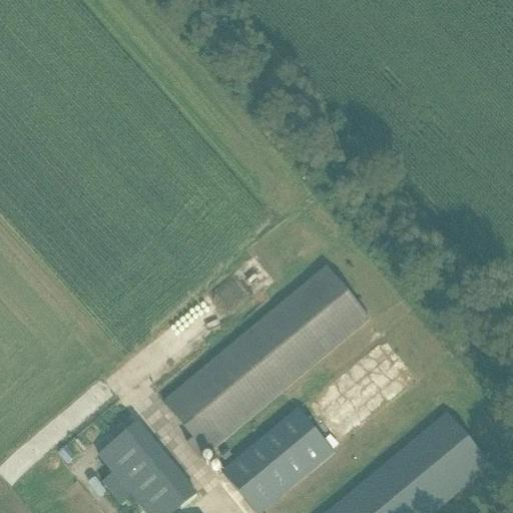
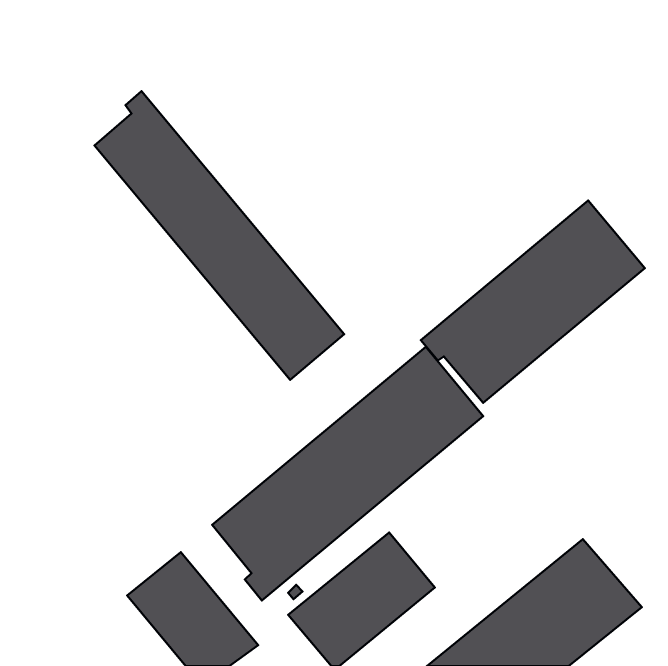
building: none -> [94,91,344,380]
building: none -> [421,201,645,403]

